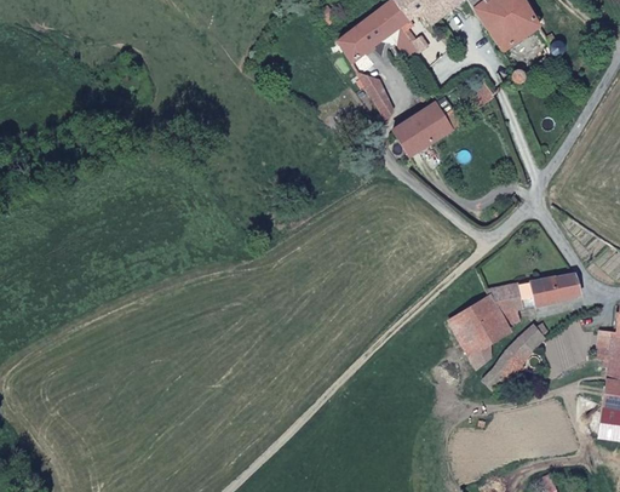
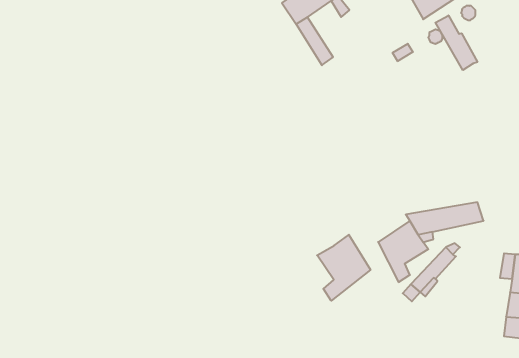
building: none -> [435,15,477,70]
building: [390,101,454,158] -> none
building: none -> [317,235,370,301]

